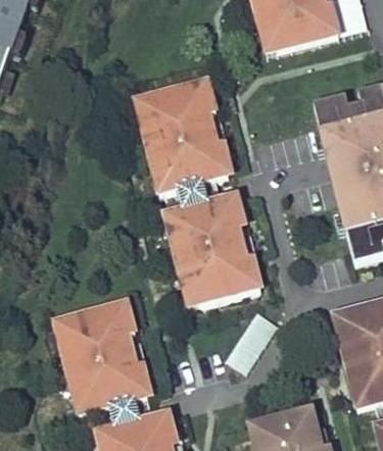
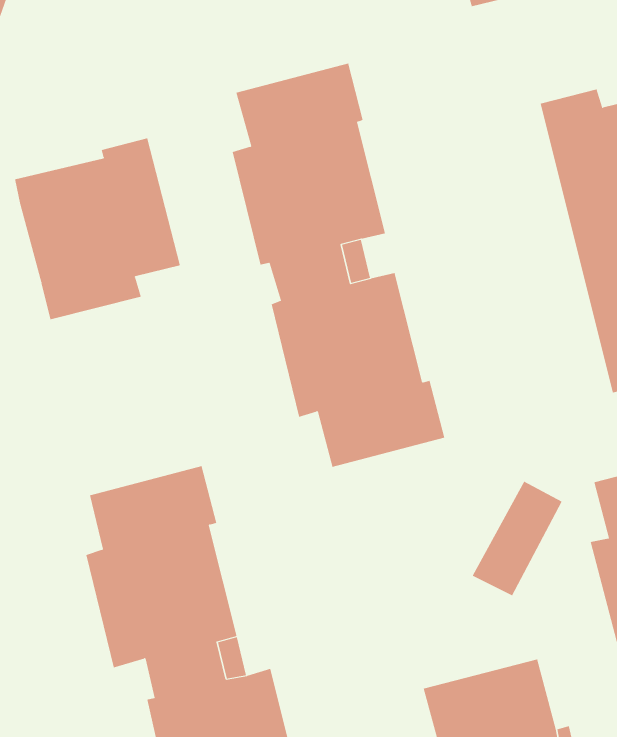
building: none -> [14,137,180,320]
building: [226,311,276,374] -> [472,481,563,596]

